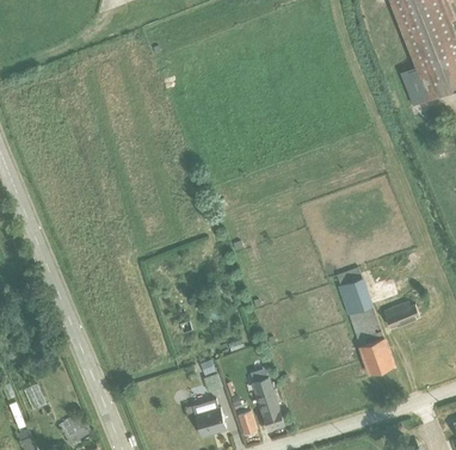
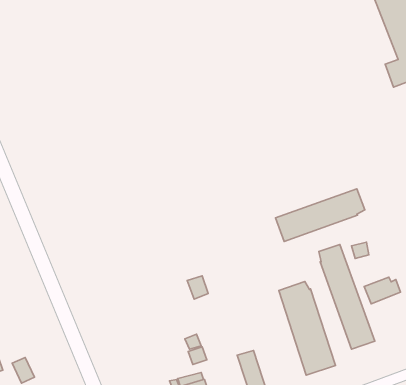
building: none -> [276,189,365,242]
building: none -> [279,281,335,375]

